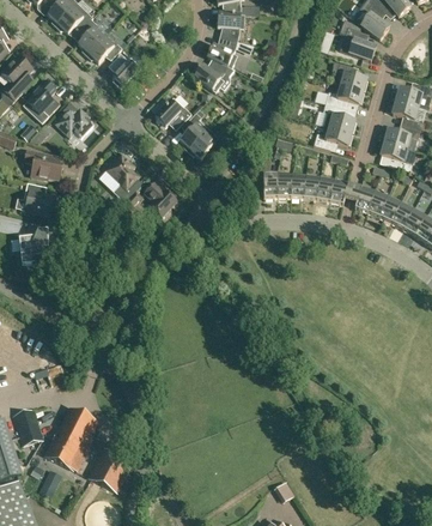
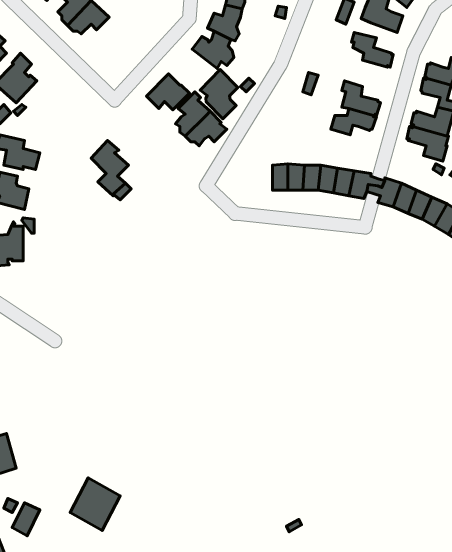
building: [110,53,141,86] -> none
building: [325,85,364,108] -> none
building: none -> [200,69,238,119]
building: [56,110,93,138] -> none
building: [145,182,177,216] -> none
building: [44,407,98,471] -> none

